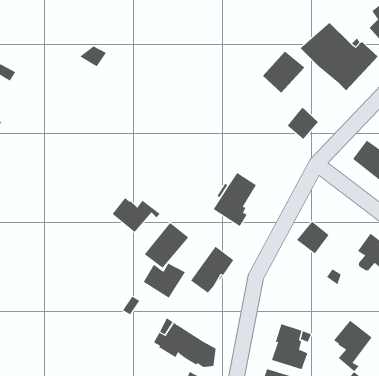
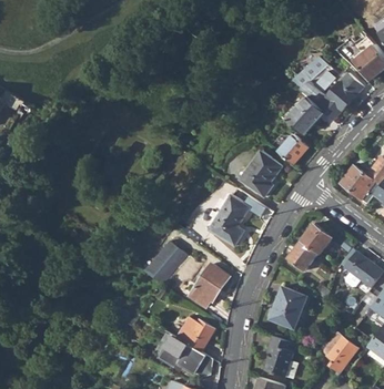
building: [262,51,305,94] -> [285,95,325,135]
building: none -> [240,151,282,196]
building: [112,197,160,233] -> none
building: none -> [301,223,332,254]
building: [143,263,186,298] -> [175,318,215,351]
building: none -> [270,286,306,328]

